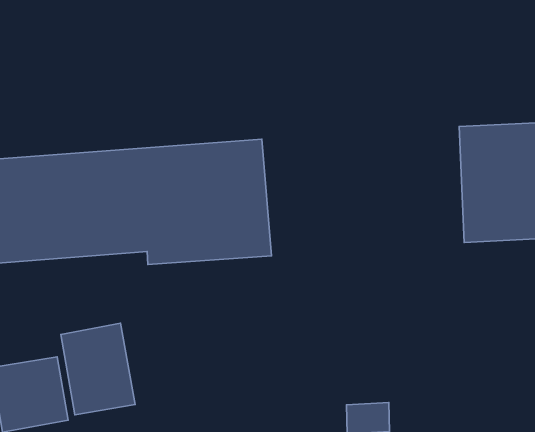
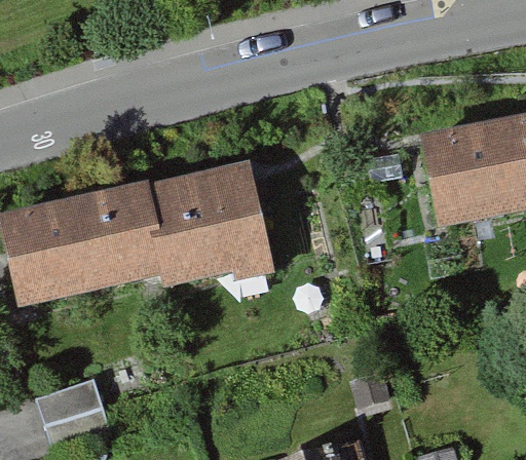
building: [61,323,135,415] -> none

